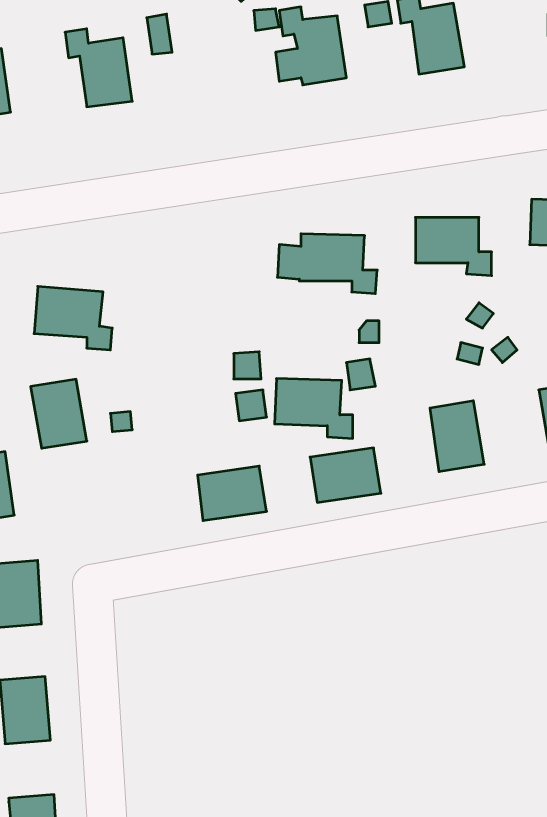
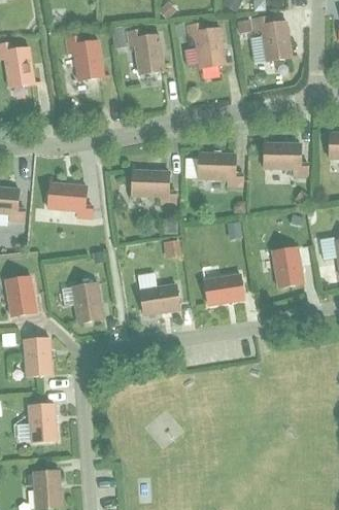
building: none -> [126,29,164,73]
building: [275,379,353,438] -> [131,169,175,203]
building: [31,379,87,448] -> [71,282,103,321]

